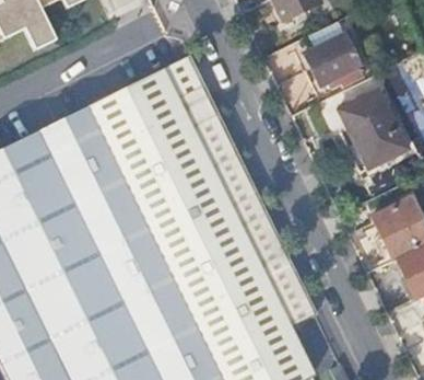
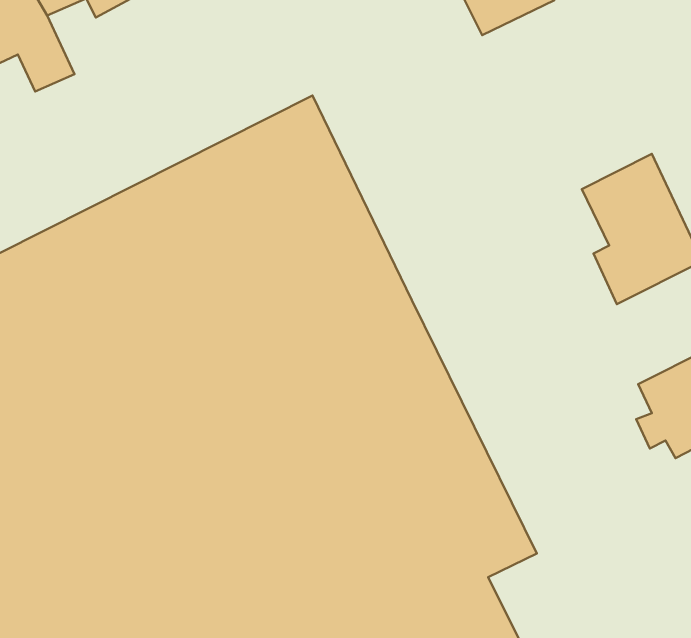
building: [305,32,361,83] -> none

